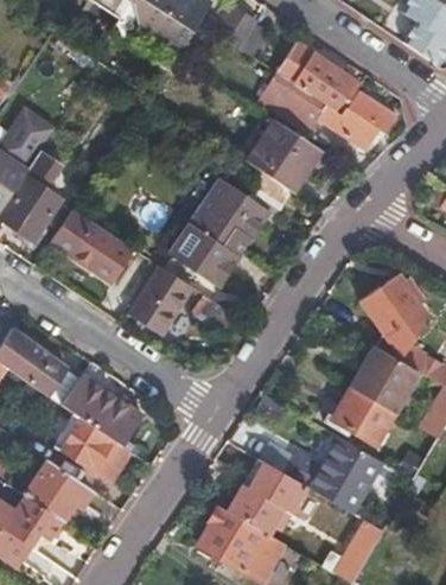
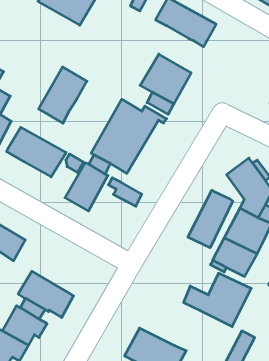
building: [273,80,396,147] -> none
building: none -> [39,67,87,123]
building: none -> [188,190,233,248]
building: [63,375,145,447] -> none
building: [230,458,310,534] -> none

